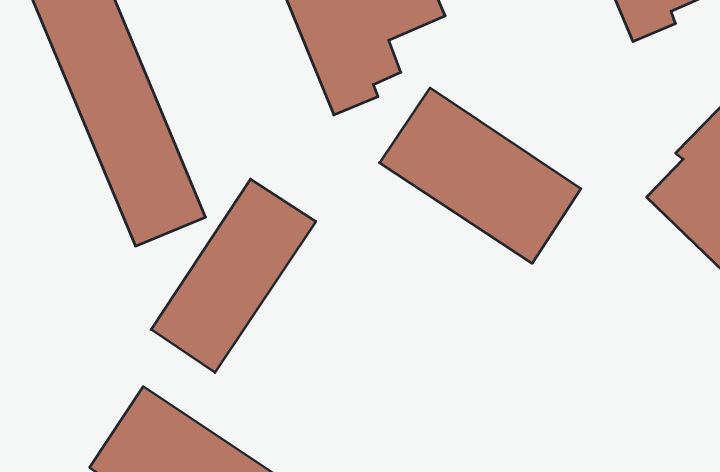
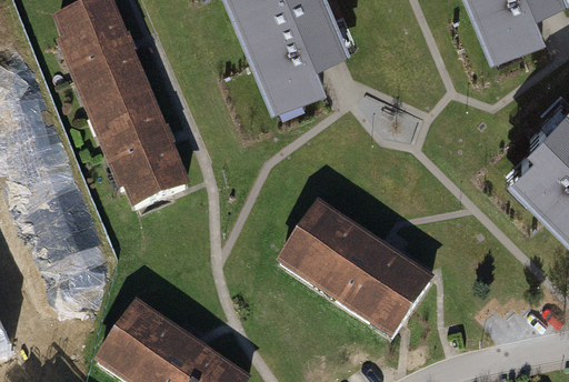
building: [379,88,581,263] -> [282,205,429,333]
building: [151,179,316,373] -> none

